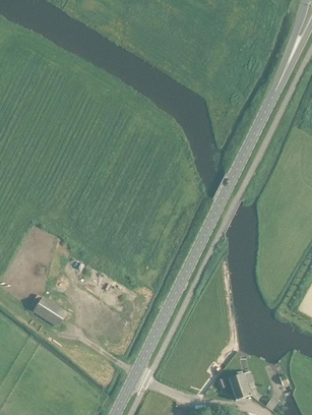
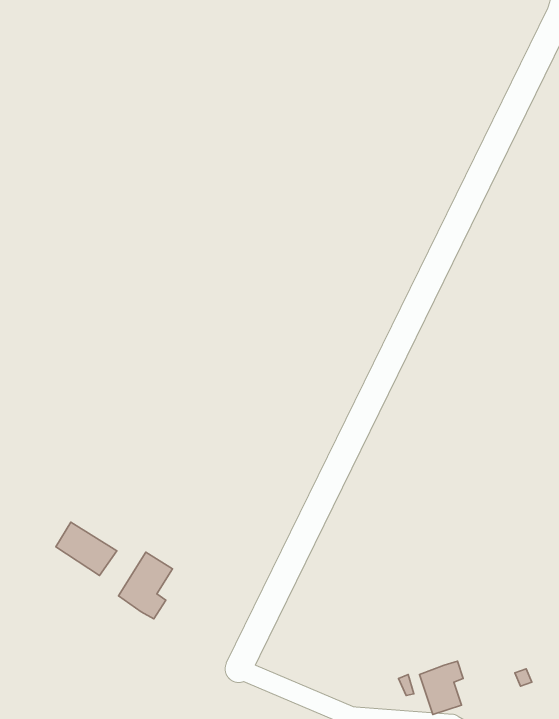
building: none -> [118,552,173,619]

